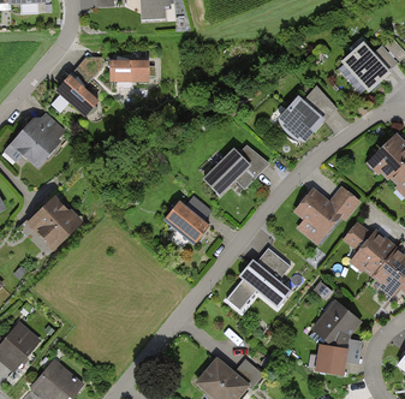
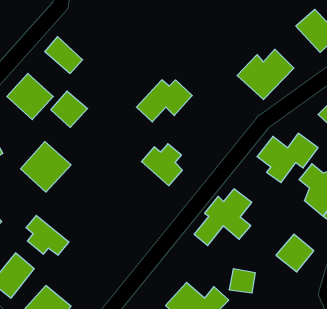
building: [108,60,150,87] -> none
building: none -> [51,91,88,127]
building: [202,145,266,193] -> [136,80,192,122]
building: none -> [26,215,69,255]
building: [318,343,349,370] -> [229,269,255,293]

